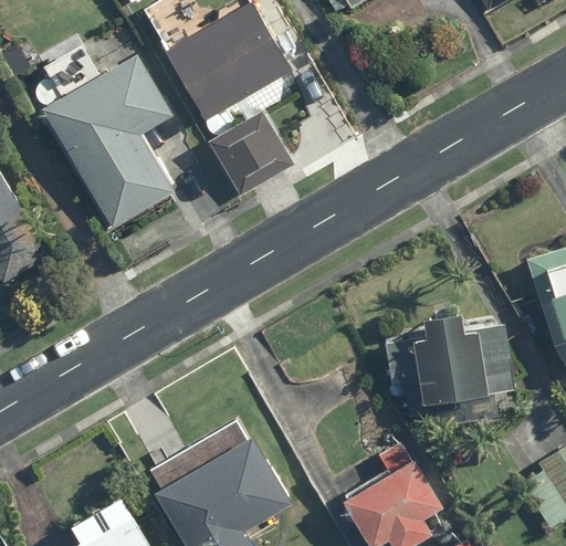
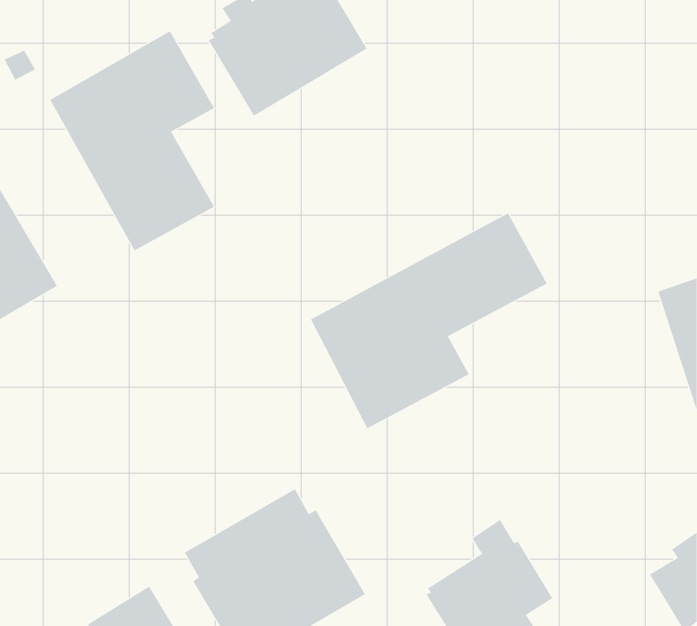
building: [209,112,292,197] -> none
building: none -> [310,212,548,429]
building: [382,311,515,430] -> none

